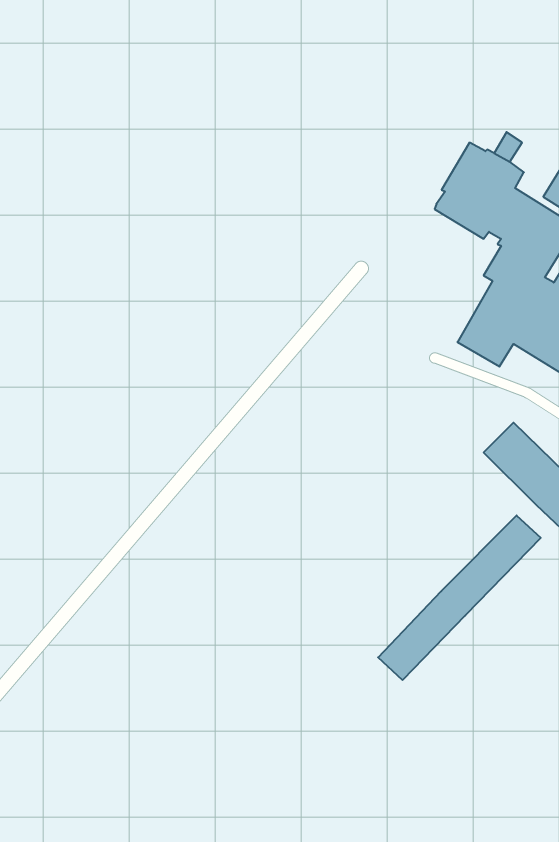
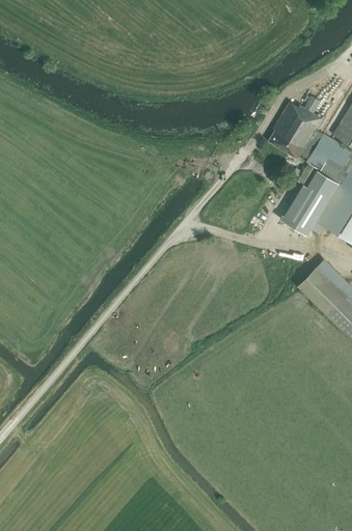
building: [378,515,541,680] -> none

